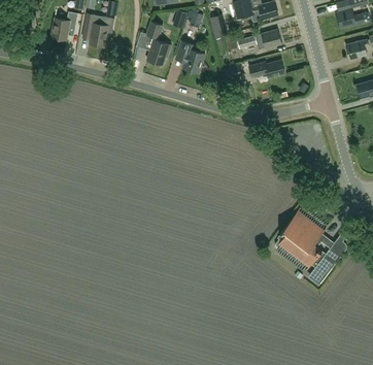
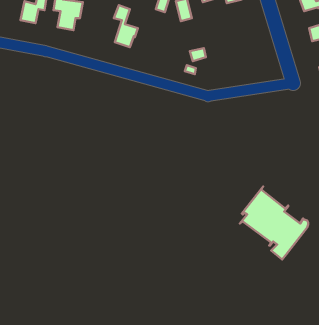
building: [236,30,280,49] -> none
building: [176,41,204,73] -> none
building: [248,61,283,77] -> none

